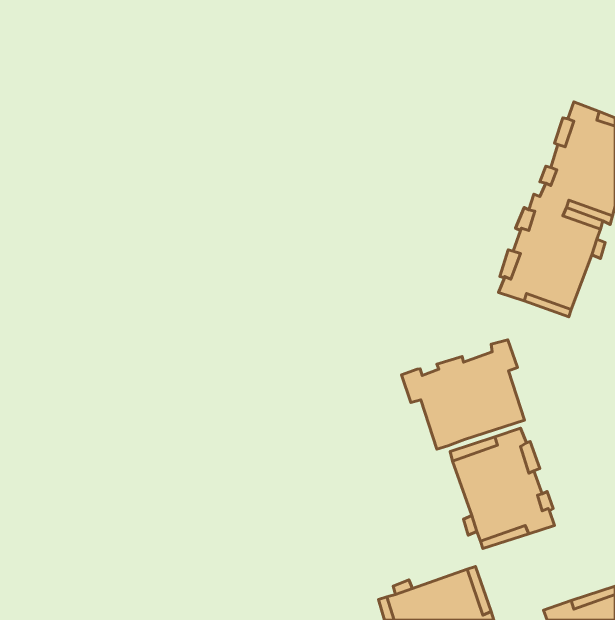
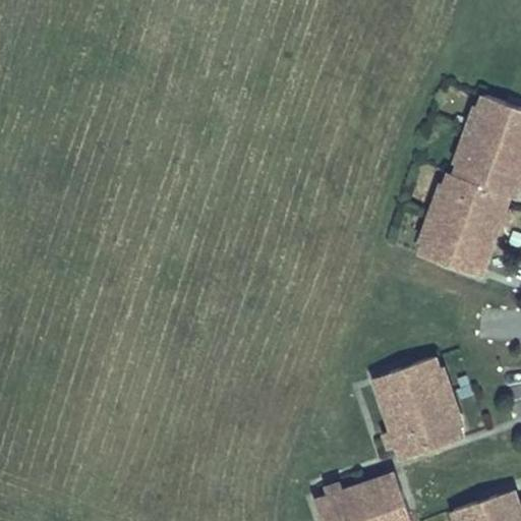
building: [401,340,525,449] -> none

